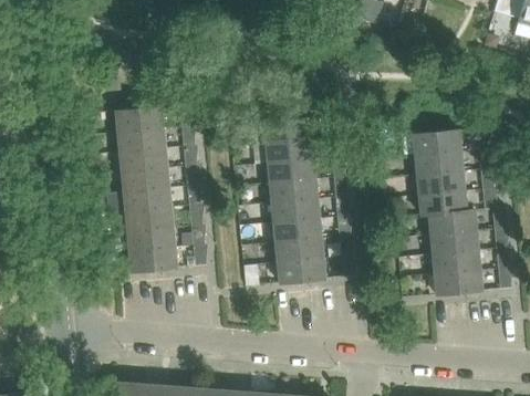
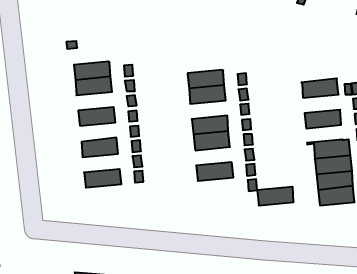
building: [118,146,167,170] -> none
building: [414,149,463,174] -> none
building: [267,157,315,181] -> none
building: [123,186,170,211] -> none
building: [418,189,466,212] -> none
building: [273,218,321,242] -> none
building: [126,227,175,251] -> none
building: [277,258,324,282] -> [257,187,294,205]

